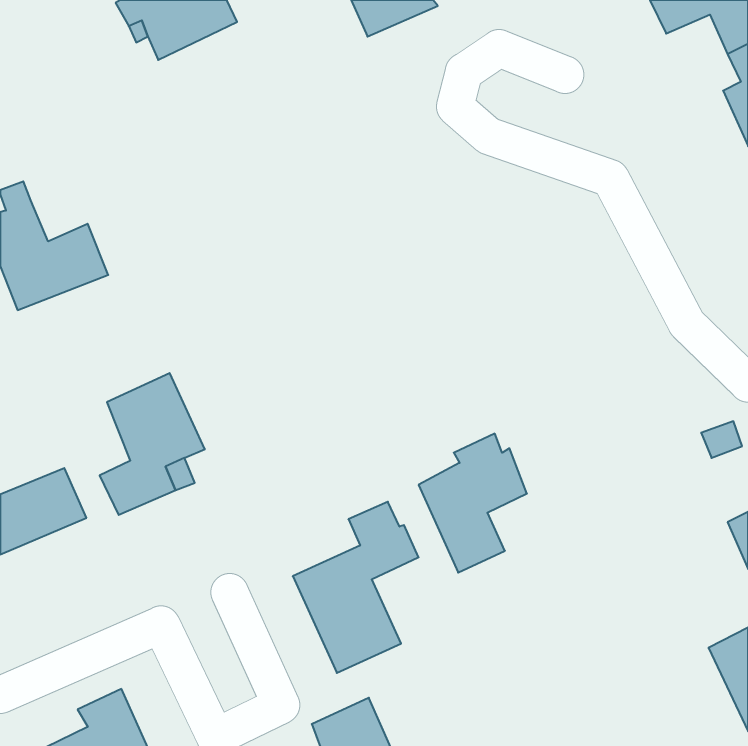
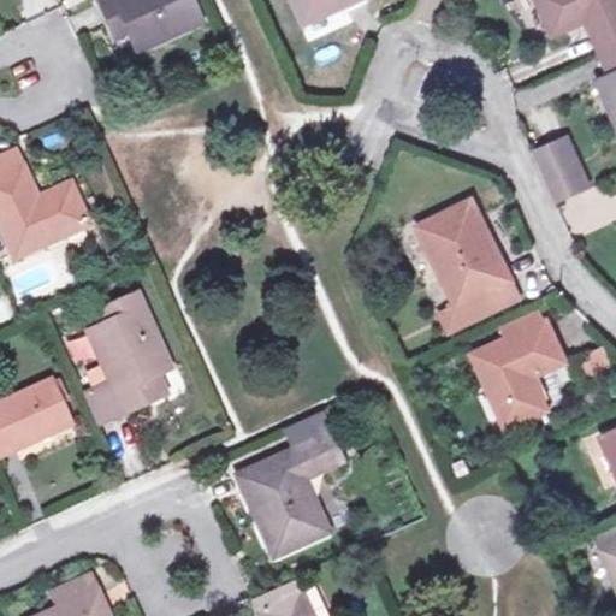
building: none -> [532,134,587,201]
building: none -> [417,199,515,330]
building: [419,434,527,573] -> [470,310,559,425]

